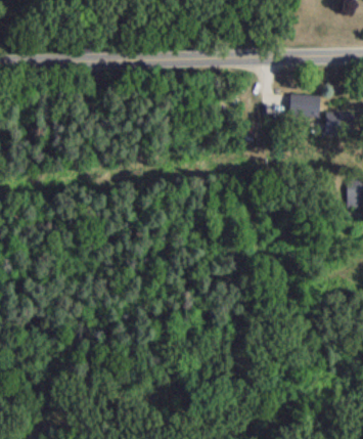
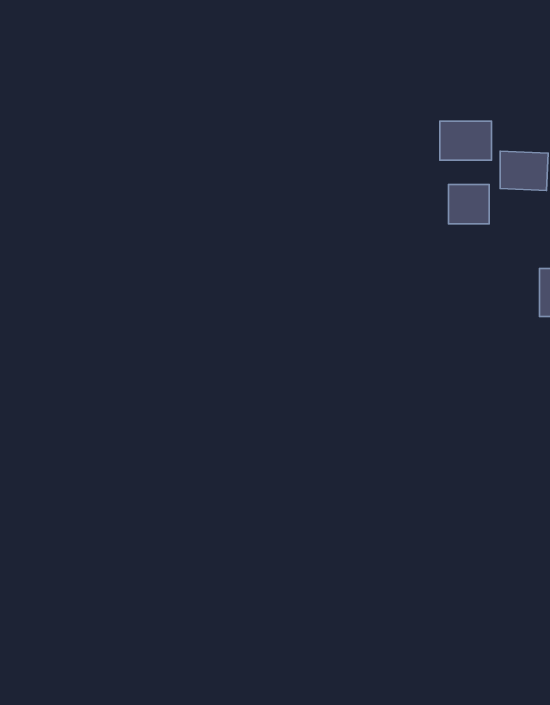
building: none -> [449,185,489,224]

